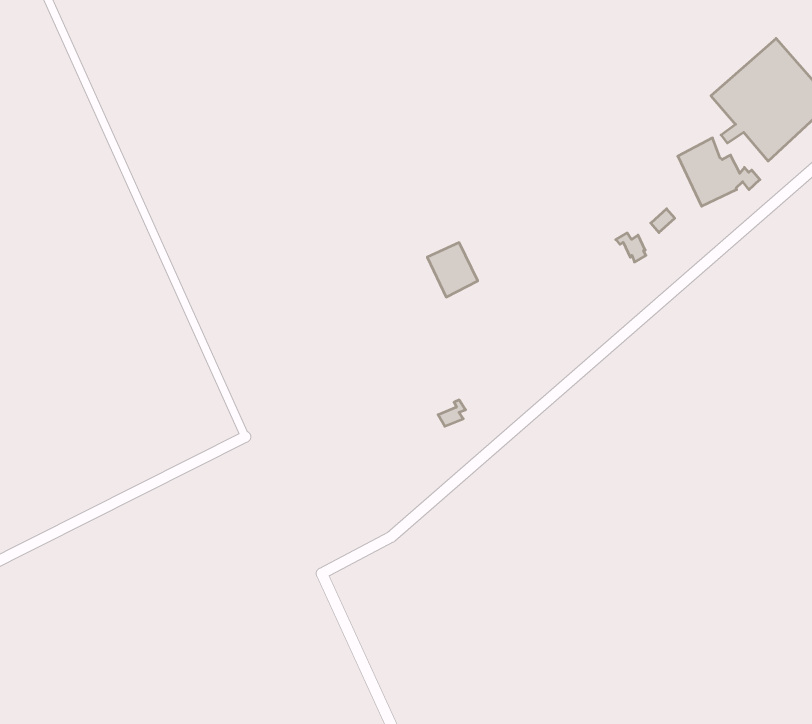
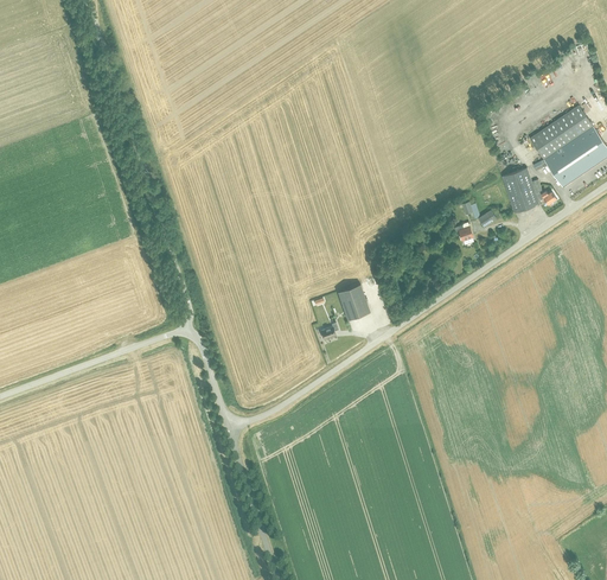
building: [427,243,478,297] -> [338,285,370,320]

